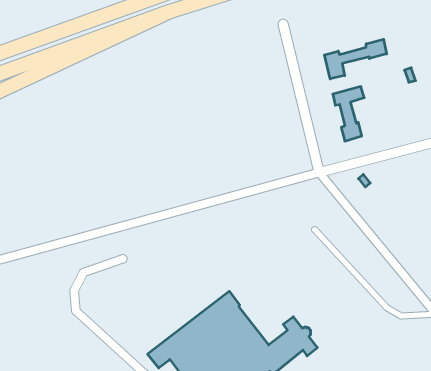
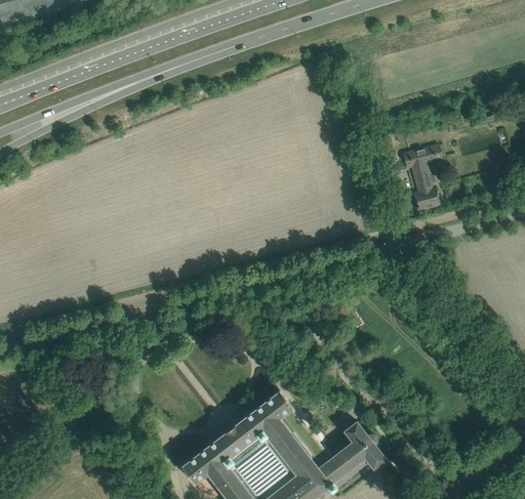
building: [324,39,387,79] -> none

